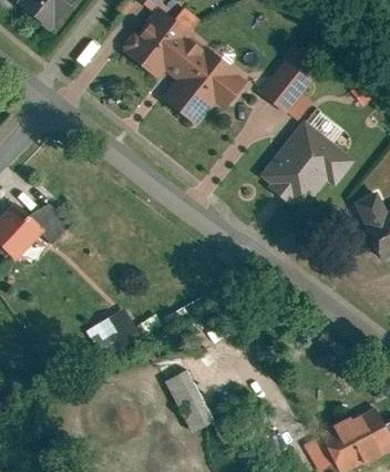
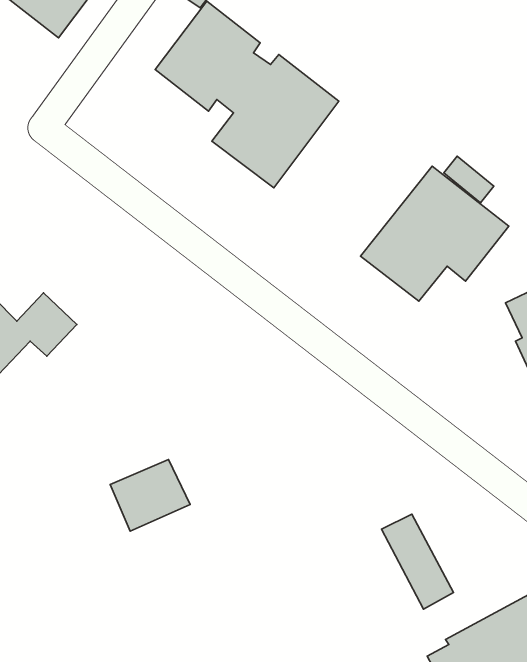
building: [260,57,312,112] -> none
building: [165,368,213,431] -> [382,514,453,609]

